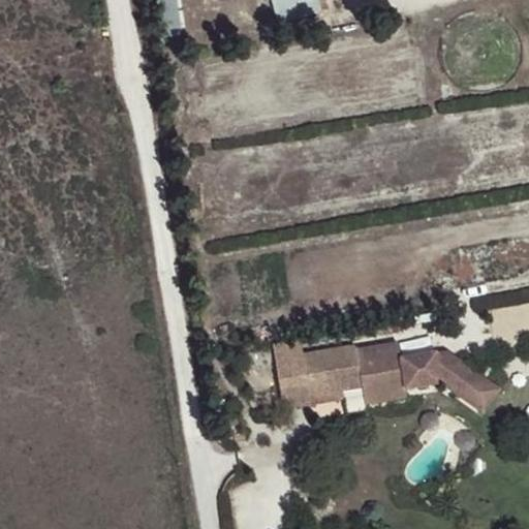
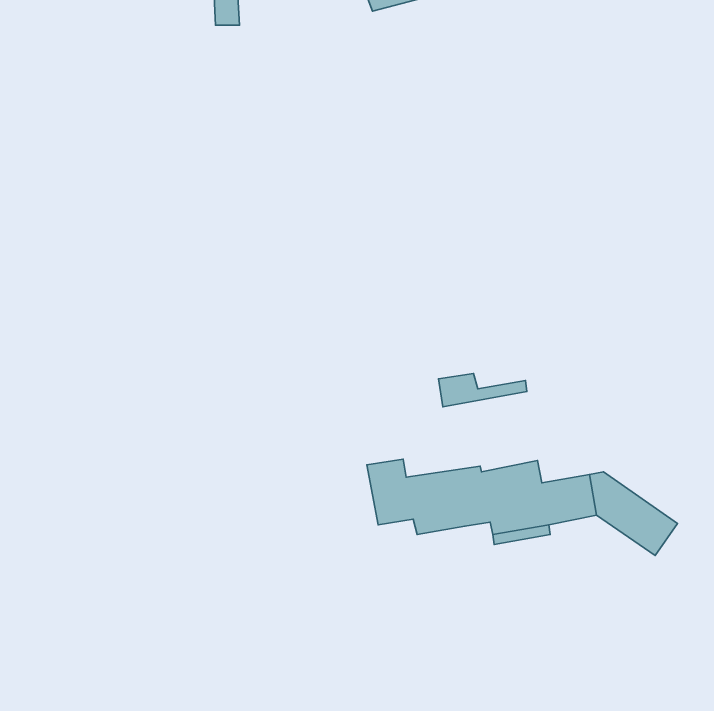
building: [280,383,345,408] -> [439,373,527,407]

